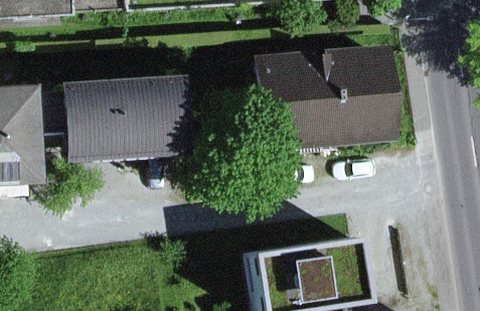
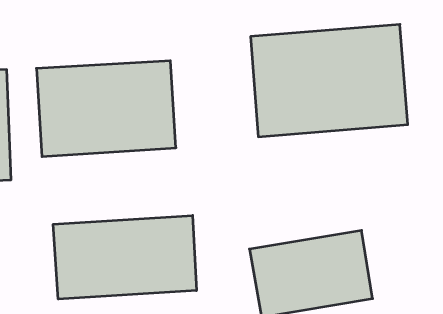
building: none -> [53,215,196,299]

